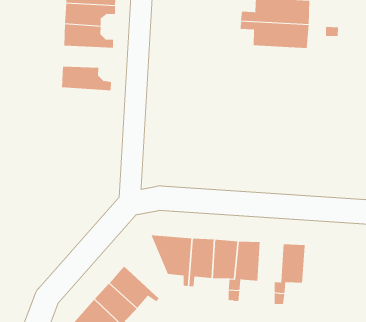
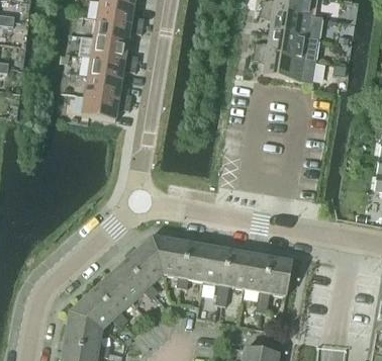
building: none -> [89,55,137,78]
building: none -> [83,92,131,118]
building: none -> [125,235,164,293]
building: none -> [246,252,272,290]

